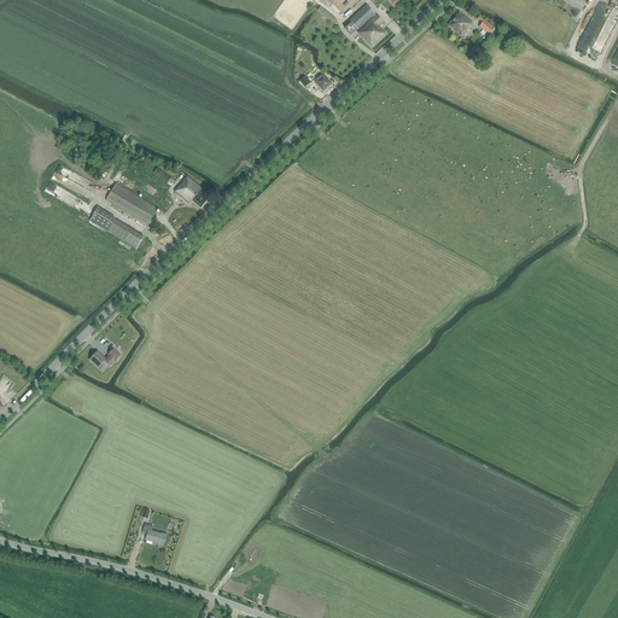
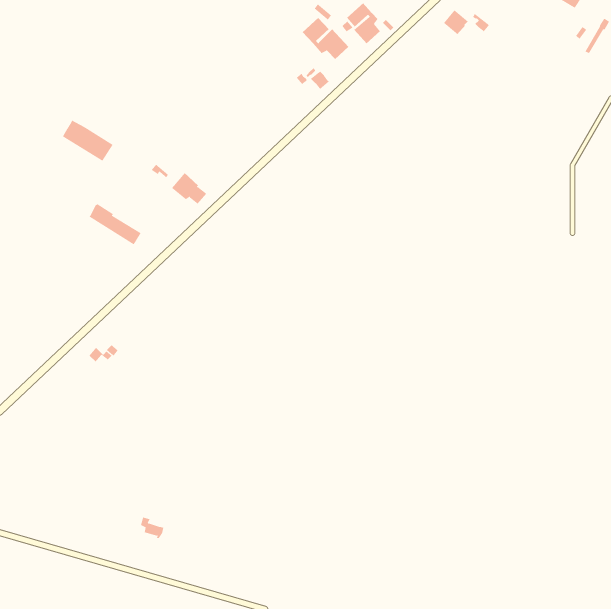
building: none -> [302,17,349,60]
building: [105,181,157,223] -> [62,120,114,162]

